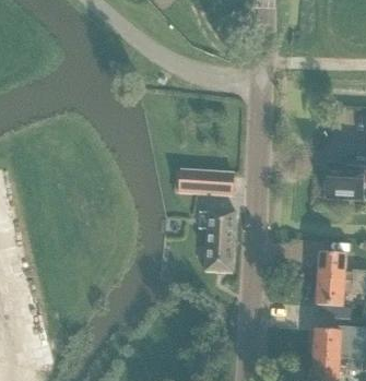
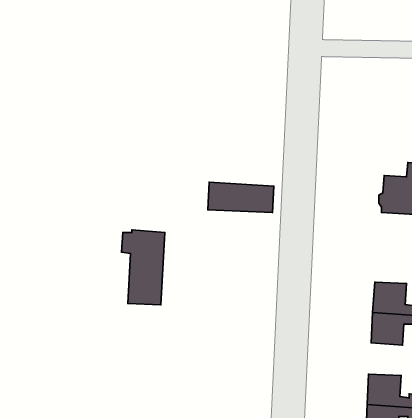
building: [199,210,235,272] -> [121,230,165,305]

